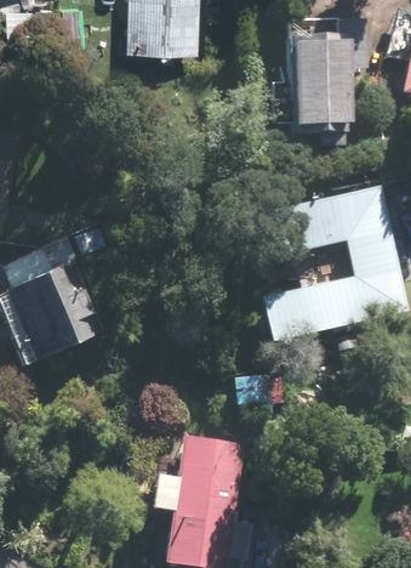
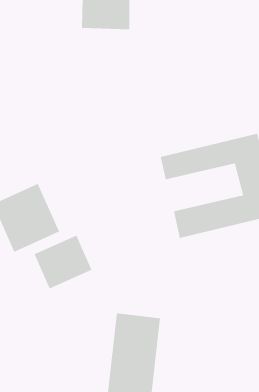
building: [286,32,372,146] -> none
building: none -> [34,234,92,289]

